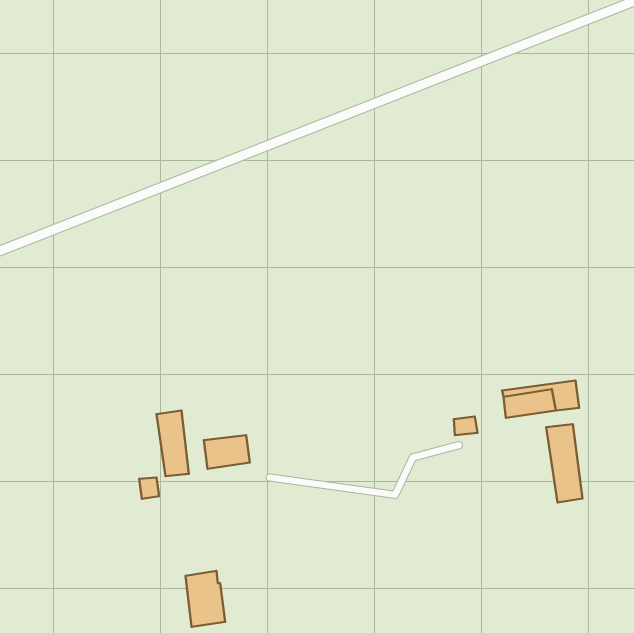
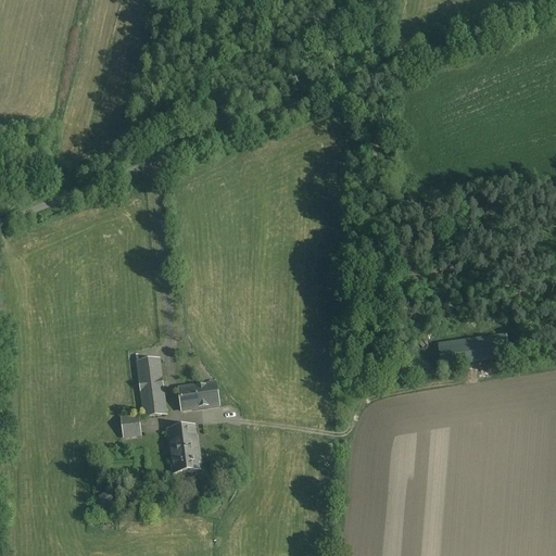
building: [546,424,582,503] -> none
building: [185,571,225,627] -> [166,425,201,473]

